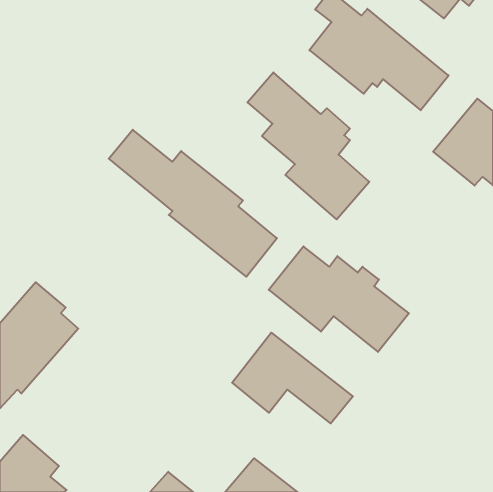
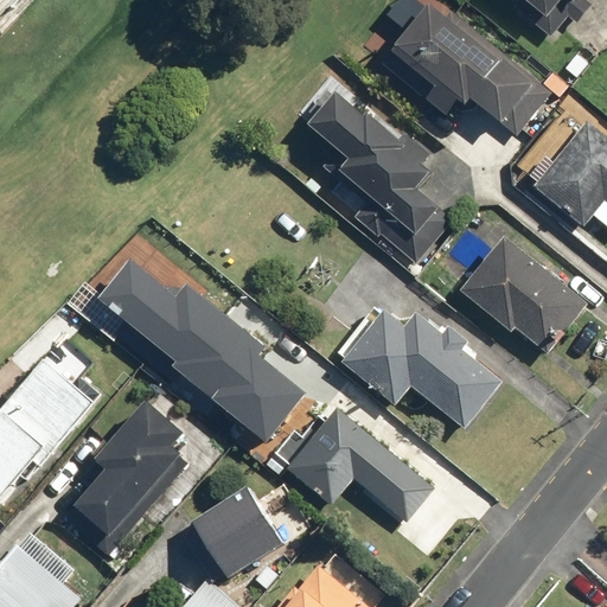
building: [109,130,277,277] -> [97,258,304,439]
building: none -> [458,237,589,356]
building: none -> [62,403,190,557]
building: none -> [192,485,281,575]

